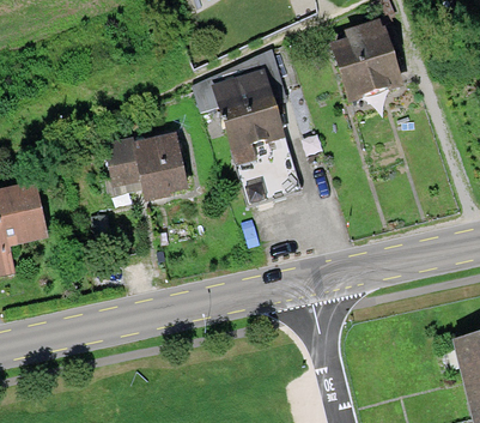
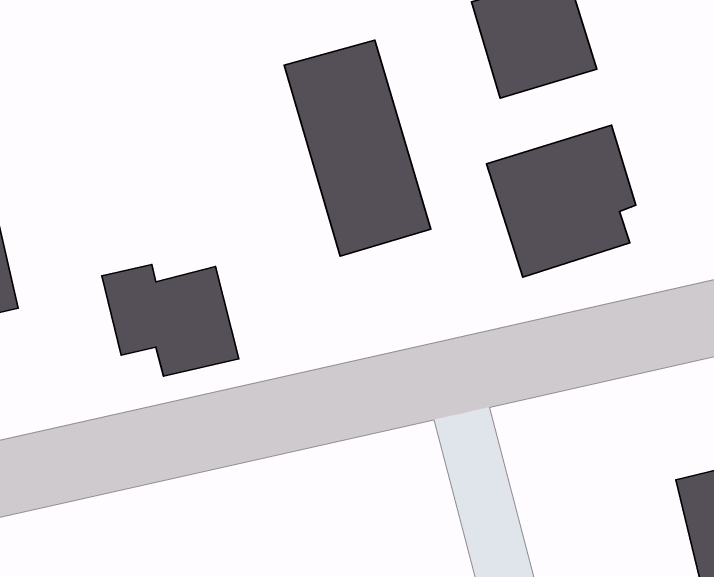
building: none -> [486,125,636,277]
building: [102,132,187,201] -> [102,264,239,376]

